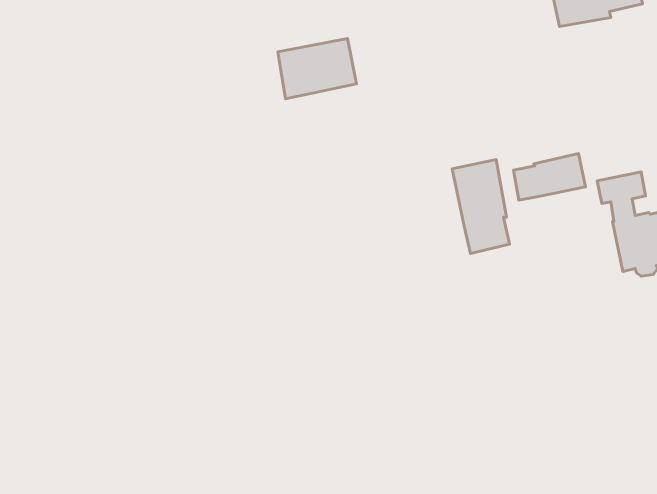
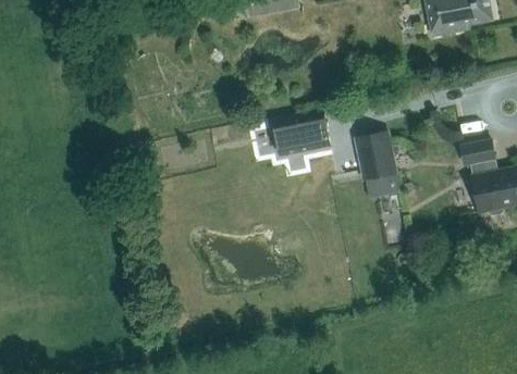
building: [278,38,357,99] -> [273,112,330,155]
building: [513,154,585,200] -> none

